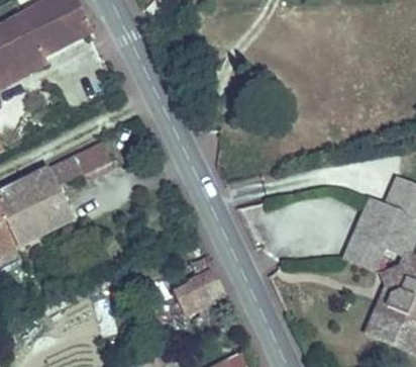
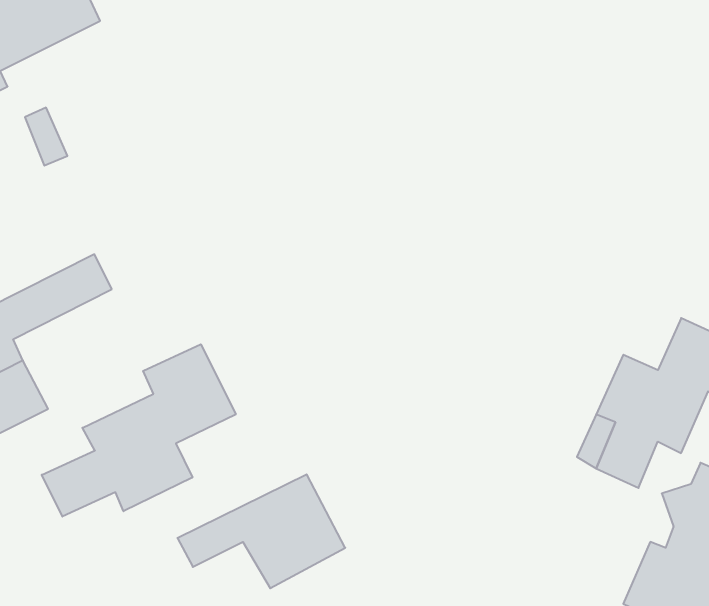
building: none -> [42,344,236,517]

